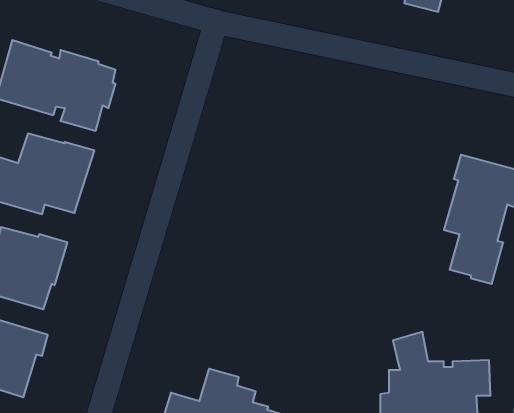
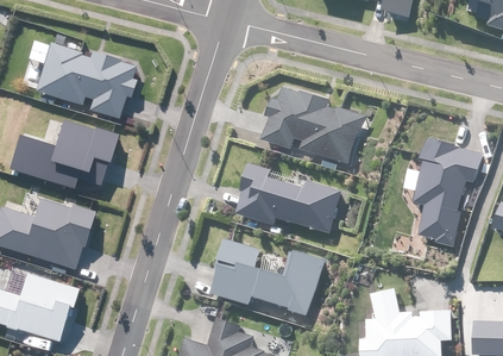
building: none -> [262,87,366,164]
building: none -> [234,163,341,233]
building: none -> [208,238,323,316]

